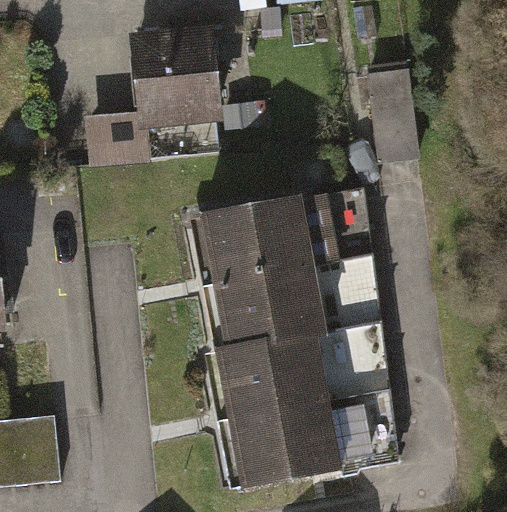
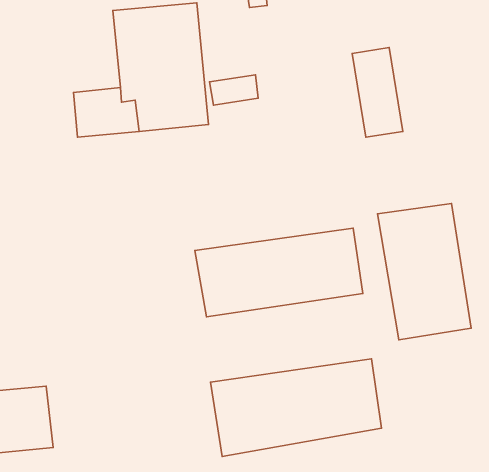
building: [191,186,367,278] -> none
building: none -> [377,204,471,340]
building: [207,322,386,413] -> none

